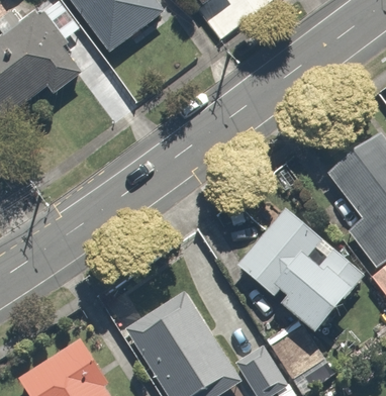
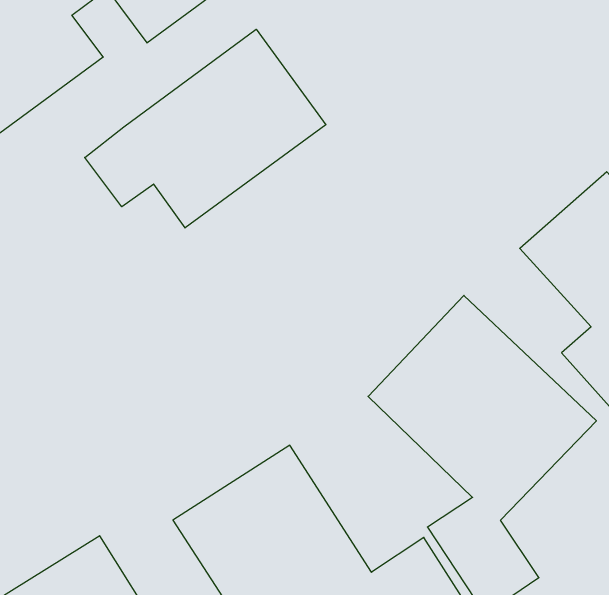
building: none -> [85,29,326,228]

